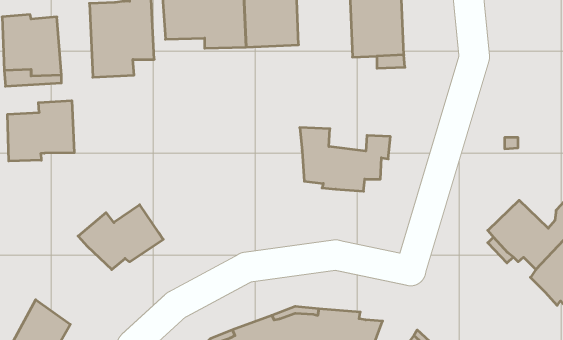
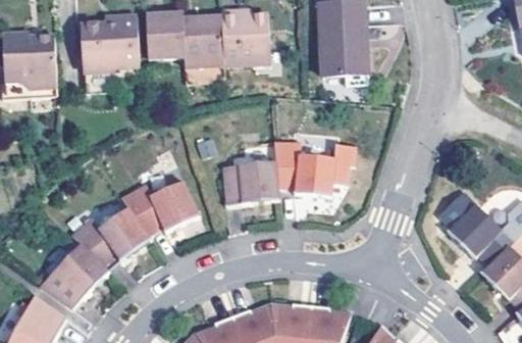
building: [8,101,74,161] -> none
building: none -> [221,159,277,203]
building: none -> [118,179,198,234]
building: none -> [38,246,106,310]

